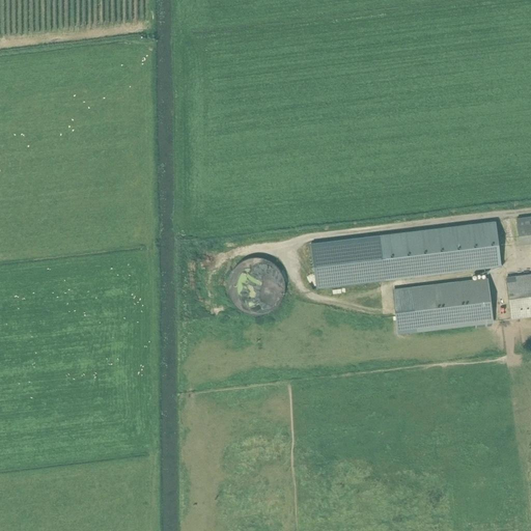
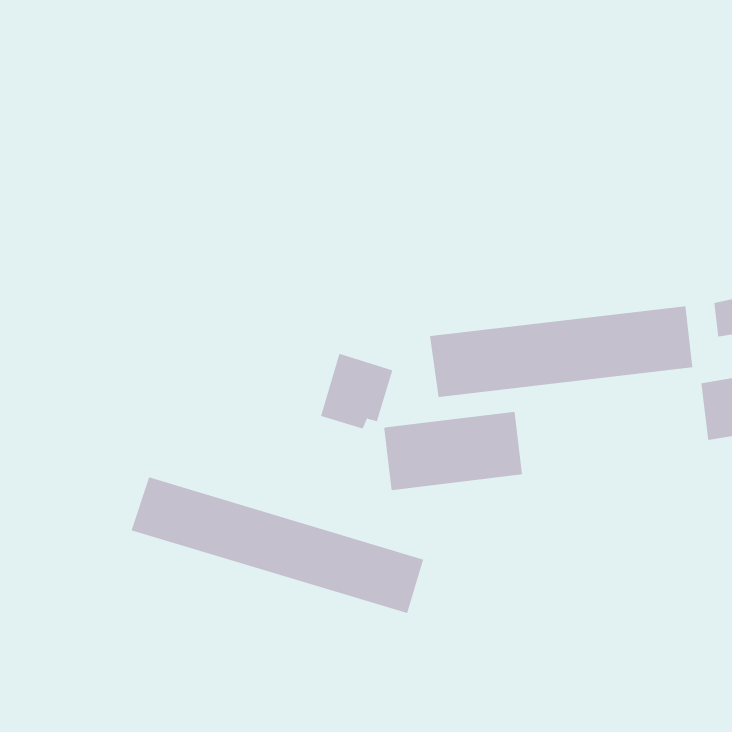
building: [392,277,493,334] -> [384,411,523,490]
building: none -> [131,477,424,614]

